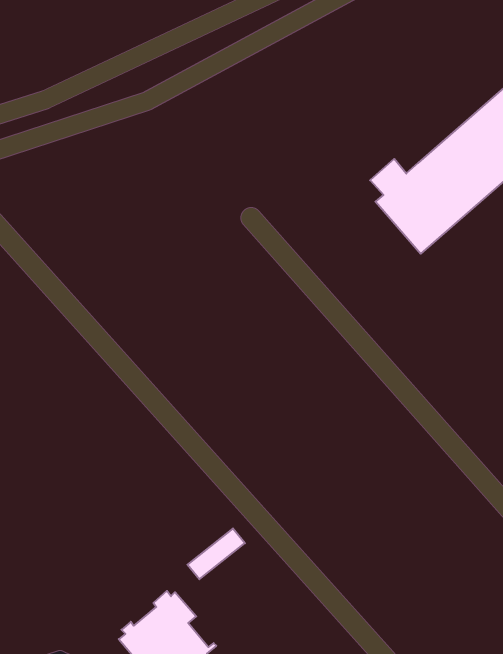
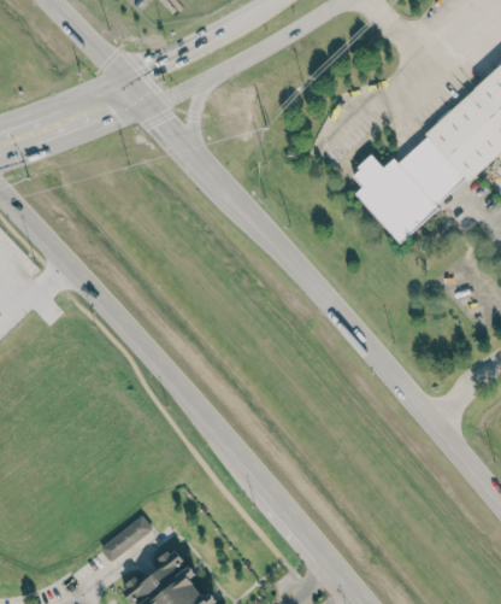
building: [187,528,245,579] -> [100,515,152,561]

